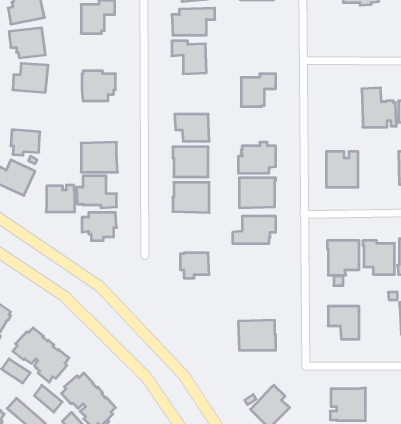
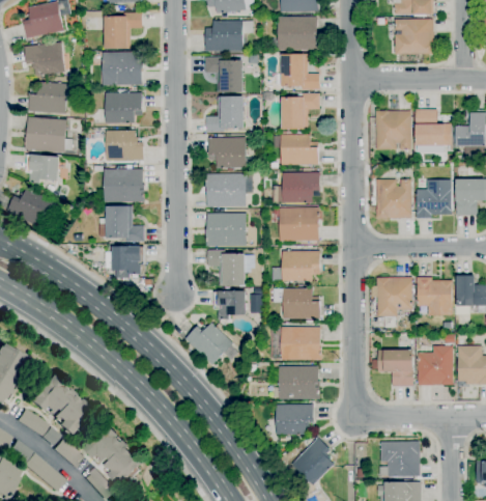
building: none -> [278,17,319,50]
building: none -> [395,19,434,55]
building: none -> [103,53,143,85]
building: none -> [277,54,319,90]
building: none -> [206,96,245,133]
building: none -> [376,111,411,150]
building: none -> [25,117,73,152]
building: none -> [106,131,144,162]
building: none -> [281,135,318,165]
building: none -> [417,180,451,219]
building: [46,185,75,212] -> none
building: none -> [208,251,255,286]
building: none -> [275,288,320,318]
building: none -> [185,323,233,365]
building: none -> [282,328,322,360]
building: none -> [418,346,453,386]
building: none -> [277,405,314,436]

